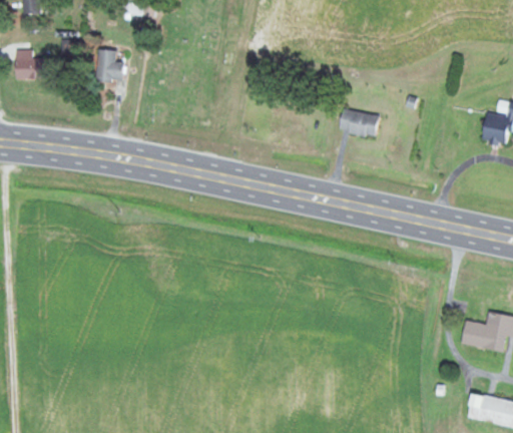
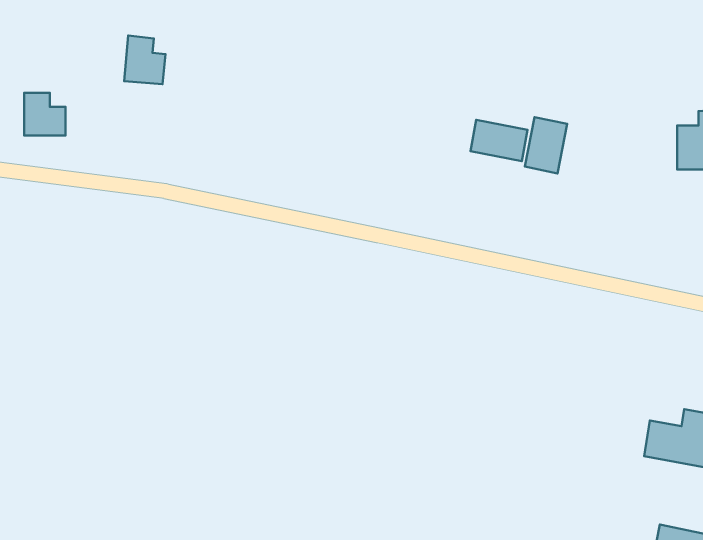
building: [15,49,44,79] -> [24,93,65,135]
building: none -> [525,117,567,173]

